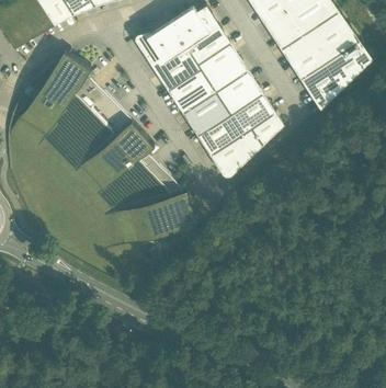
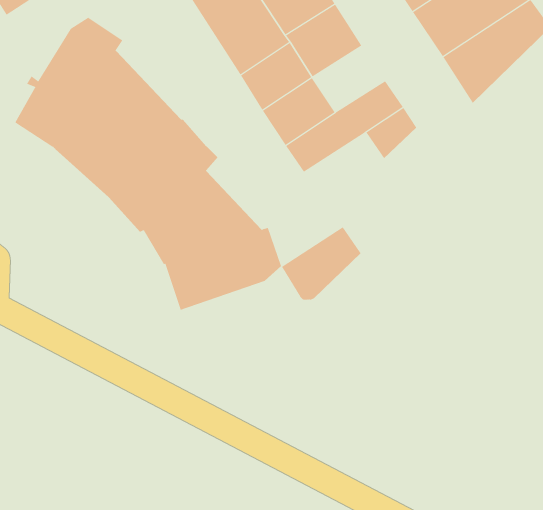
building: [215,69,263,113] -> none
building: [209,126,262,174] -> [281,227,361,300]

